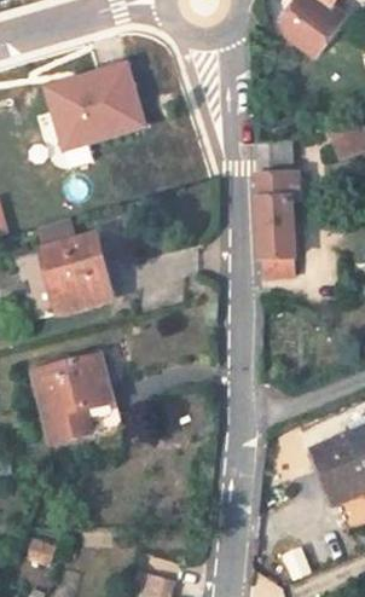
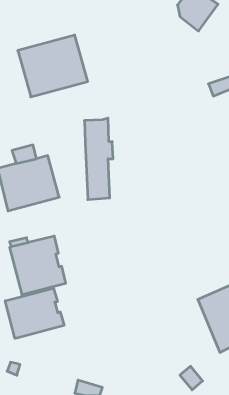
building: [256,140,299,261] -> [84,118,113,200]
building: none -> [5,288,64,338]

